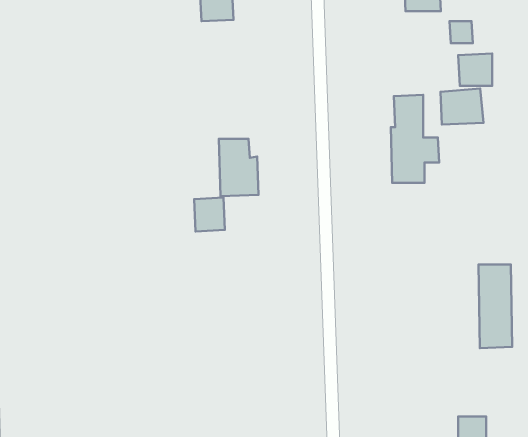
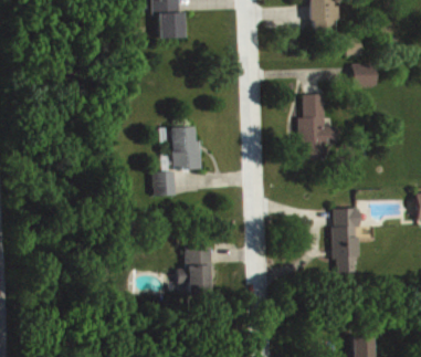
building: [441,89,483,125] -> none
building: [478,264,512,348] -> [331,209,357,272]
building: none -> [177,246,213,297]

